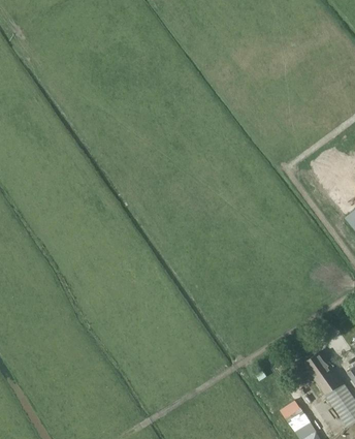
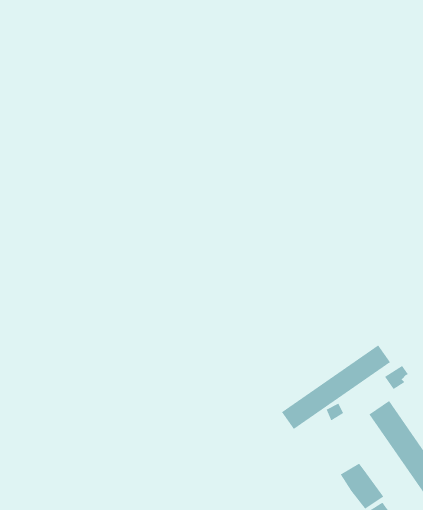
building: none -> [281,344,391,430]

